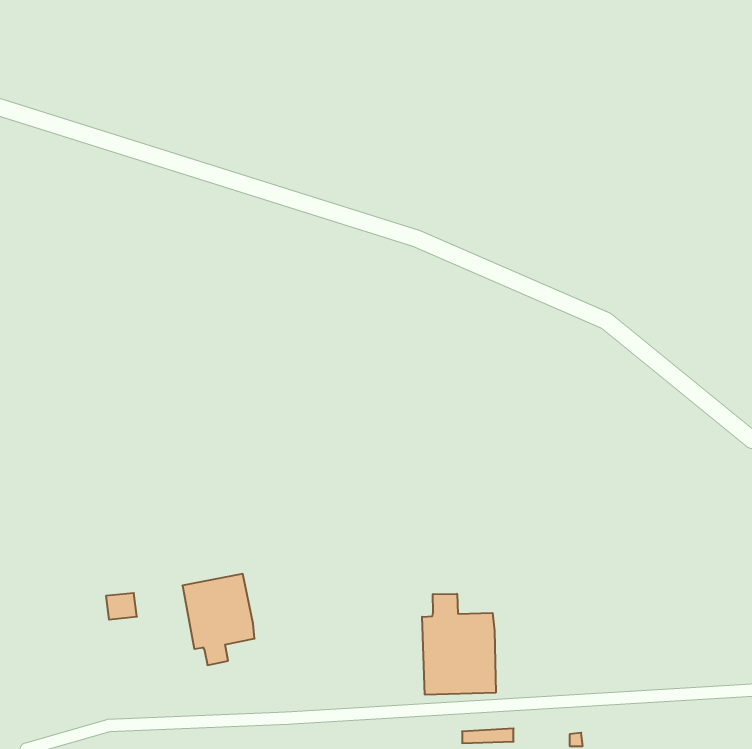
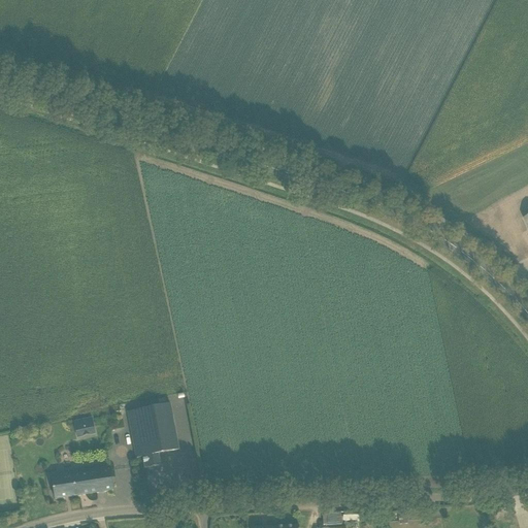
building: [422,594,496,695] -> none
building: none -> [52,465,113,497]

